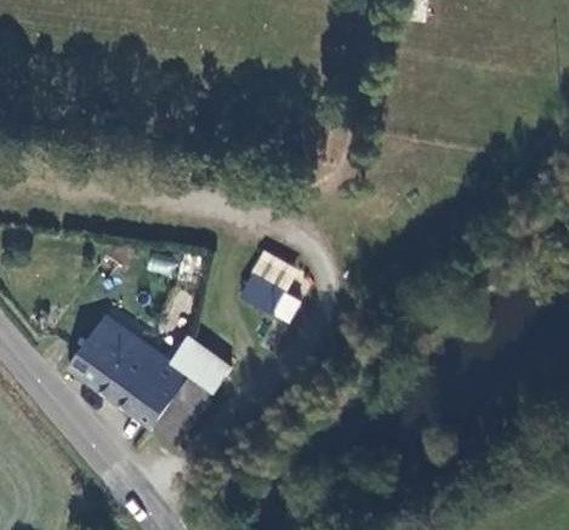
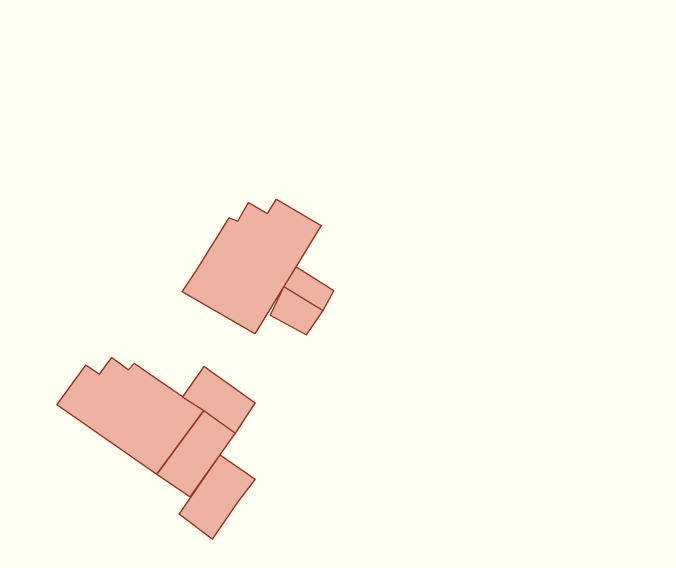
building: none -> [182,199,321,334]
building: none -> [179,455,255,539]

